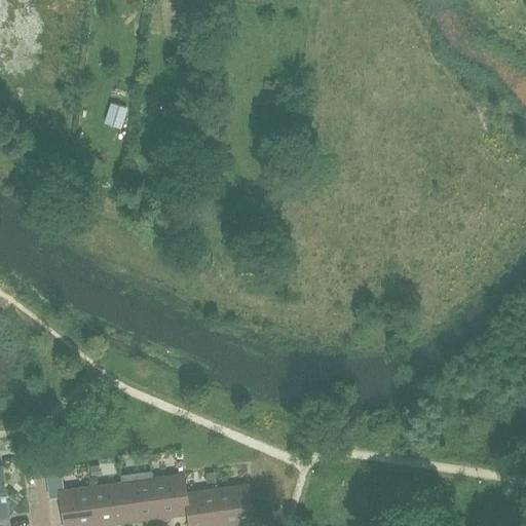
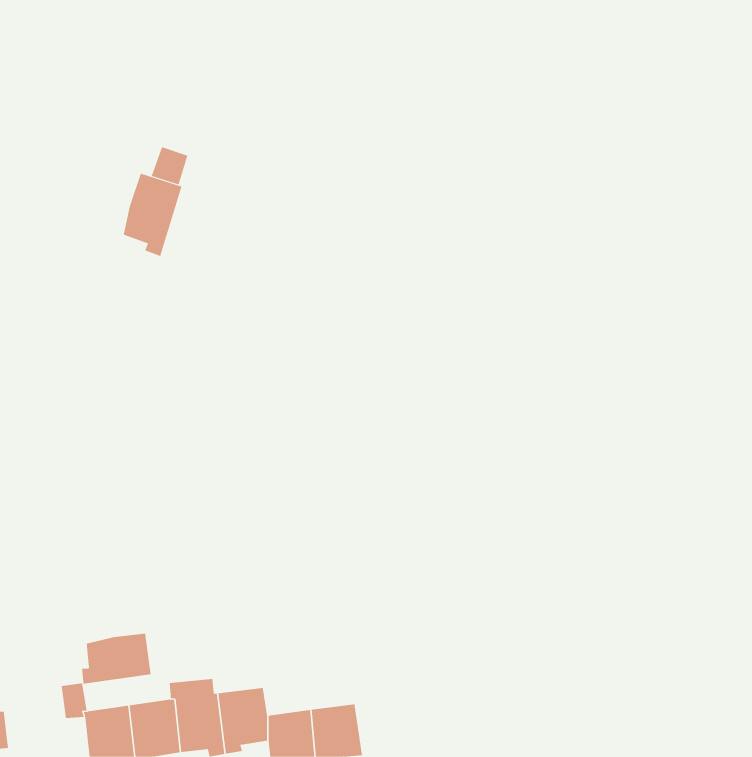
building: none -> [123,173,182,257]
building: none -> [82,633,151,685]

